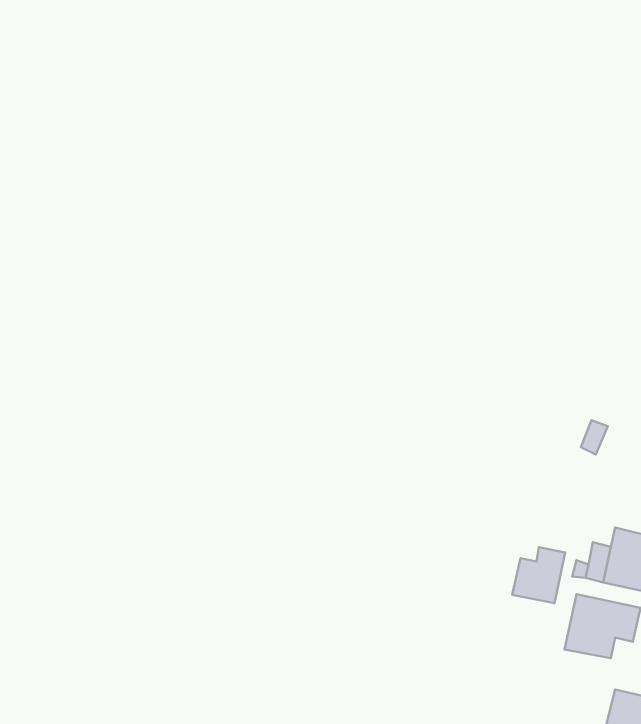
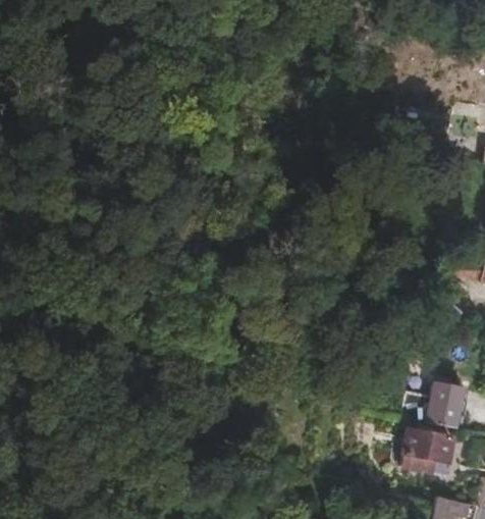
building: [512,547,565,603] -> none

